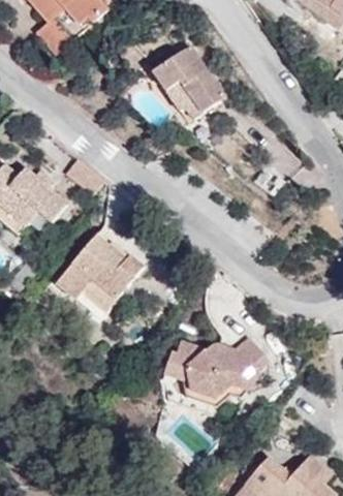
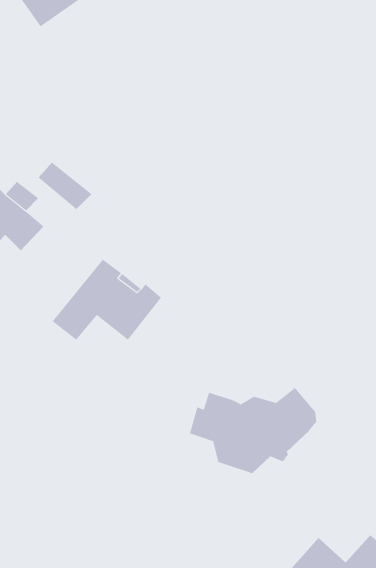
building: [152,57,217,127] -> none
building: [79,277,120,317] -> none

